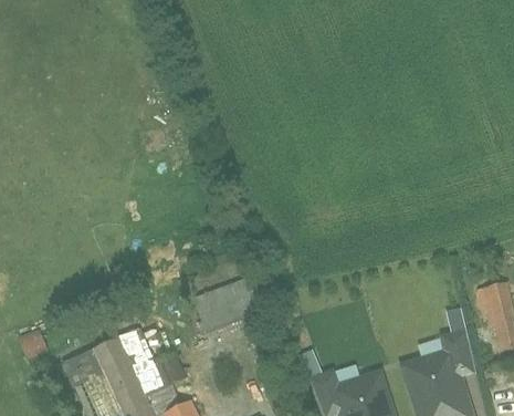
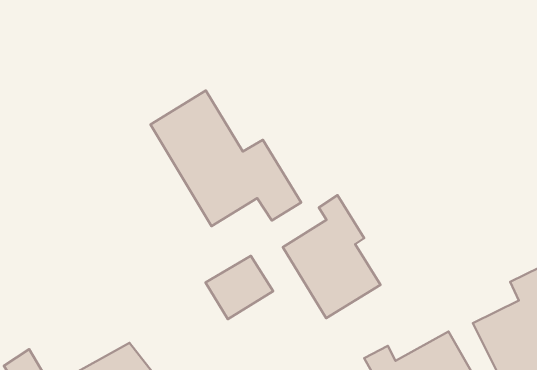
building: none -> [150,90,301,226]
building: none -> [283,195,380,318]

